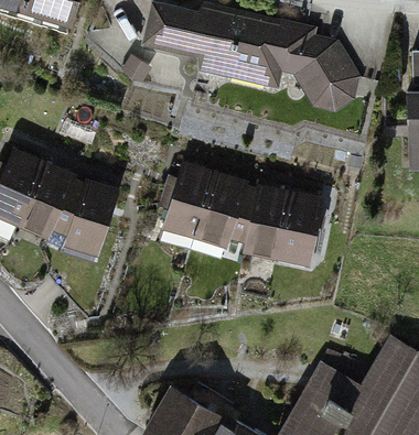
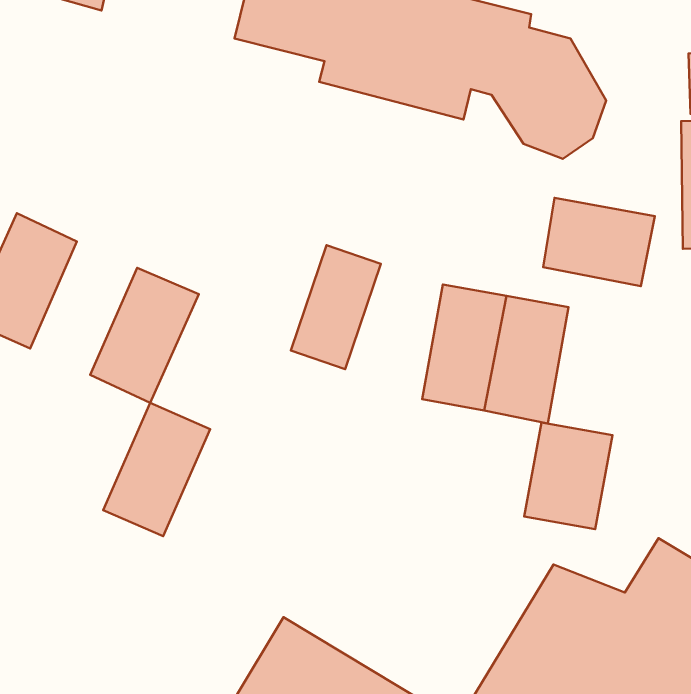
building: none -> [543,198,655,286]
building: [21,162,84,240] -> [103,403,210,536]
building: [206,175,260,248] -> none
building: none -> [524,422,612,529]

